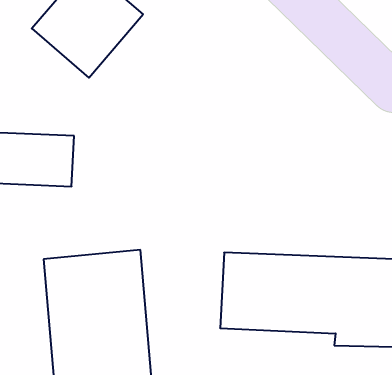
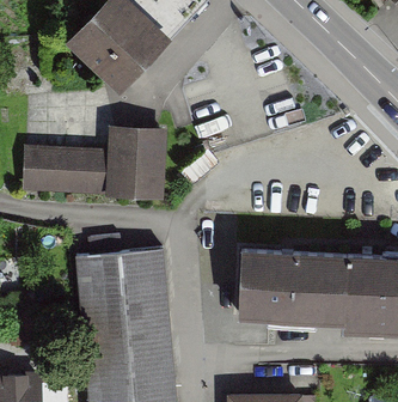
building: none -> [104,122,166,194]

